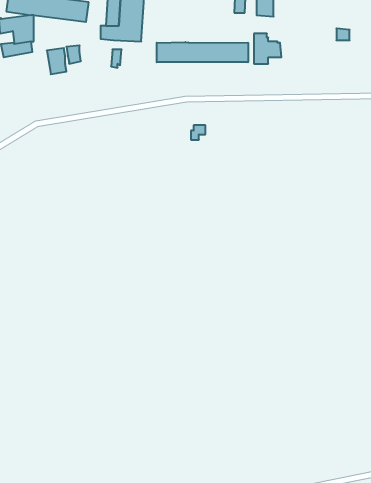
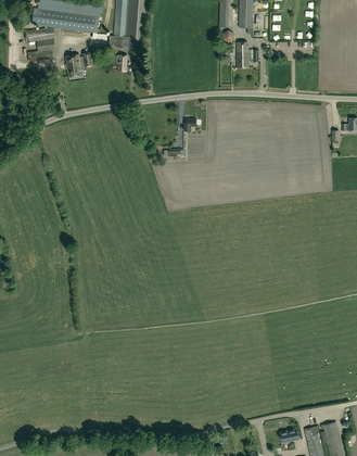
building: [157,42,248,62] -> none

